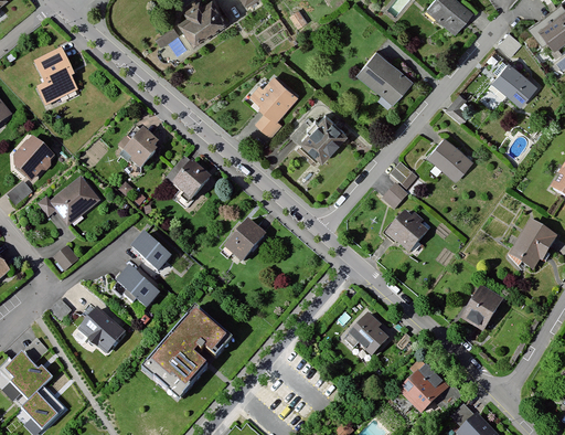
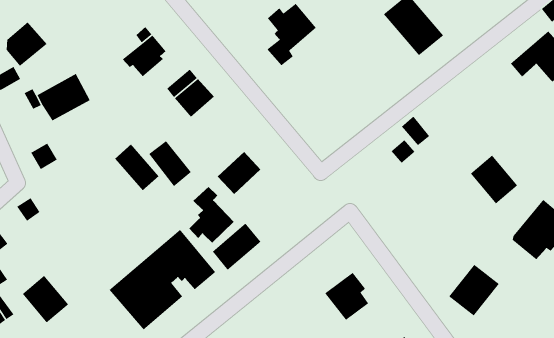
building: [301,110,352,160] -> none
building: [426,136,472,181] -> [470,155,518,204]
building: [385,212,427,254] -> none
building: none -> [188,186,234,244]
building: [115,265,158,307] -> [148,140,192,187]
building: none -> [212,223,262,271]
building: [79,308,125,352] -> [22,275,69,323]

